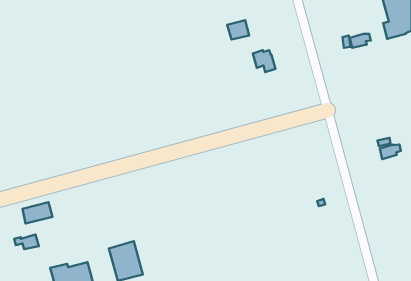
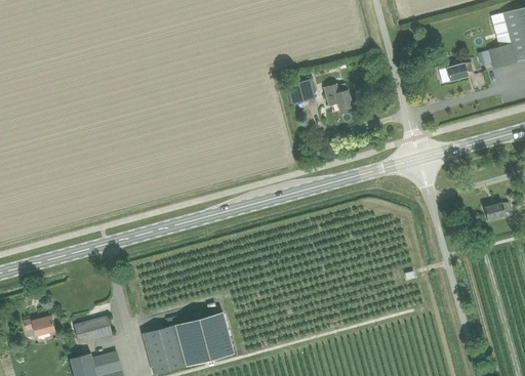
building: [227,20,249,40] -> [287,80,315,105]
building: [22,202,52,223] -> [74,317,112,343]
building: none -> [174,312,234,367]

